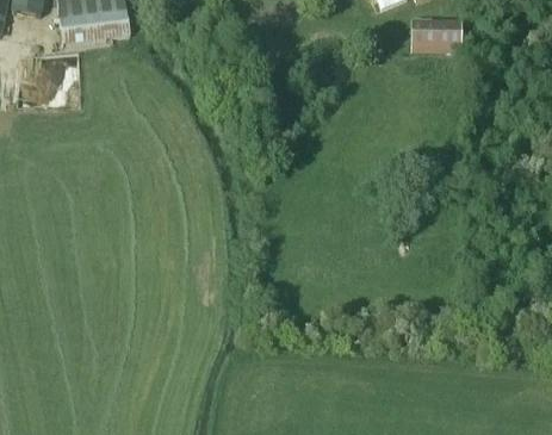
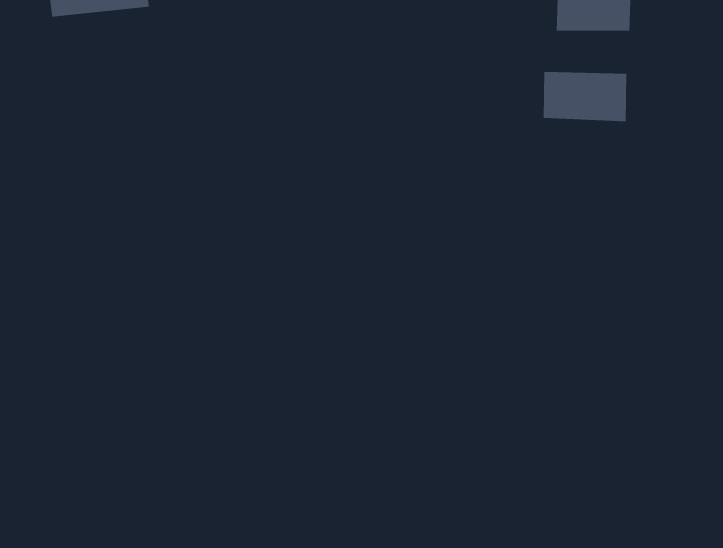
building: none -> [543,71,627,122]

